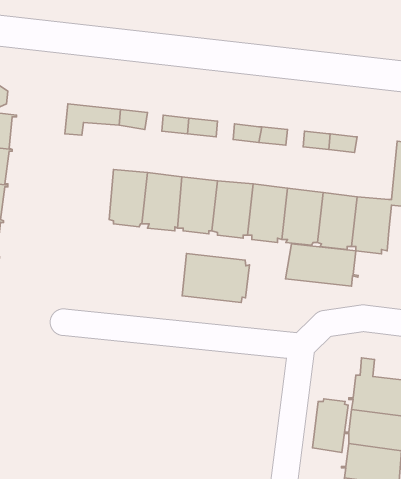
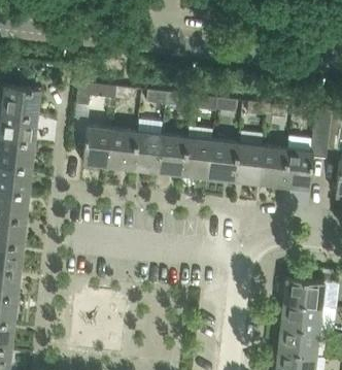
building: none -> [82,127,111,166]
building: [285,244,358,286] -> none
building: [182,254,249,302] -> none
building: [312,399,348,453] -> none

